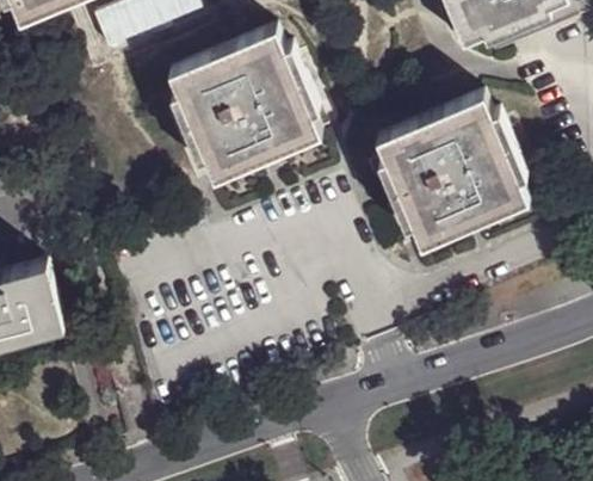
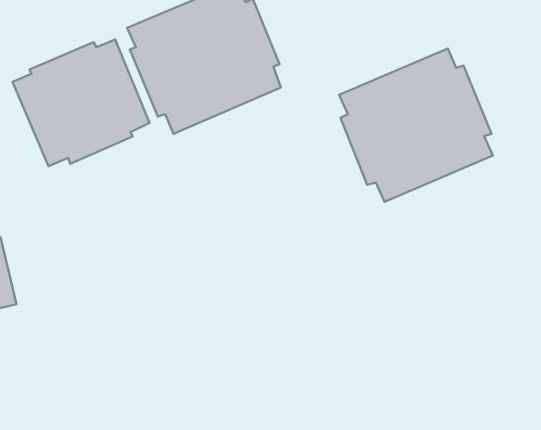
building: none -> [13,40,150,166]

